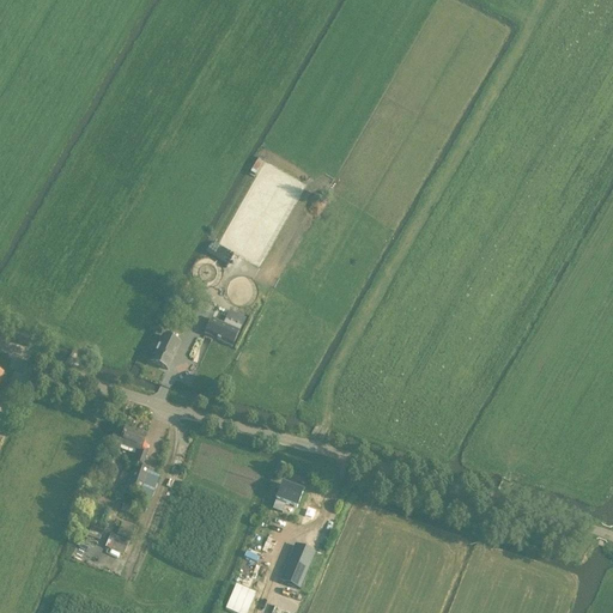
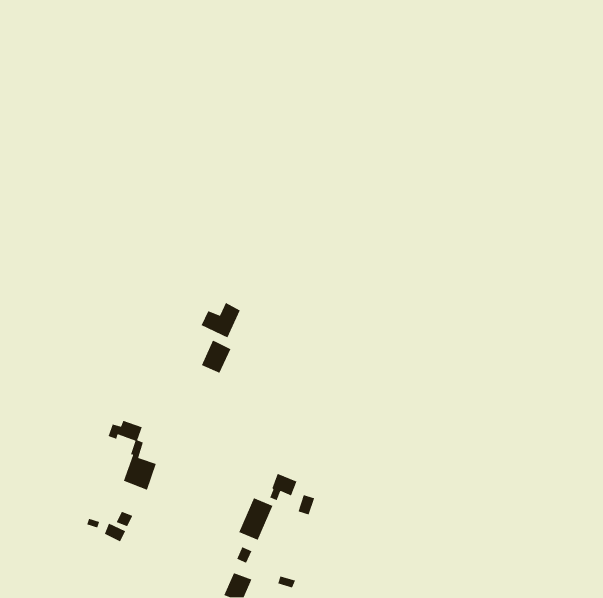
building: [148,330,180,365] -> [201,340,232,374]
building: [279,541,315,585] -> [238,497,273,541]

